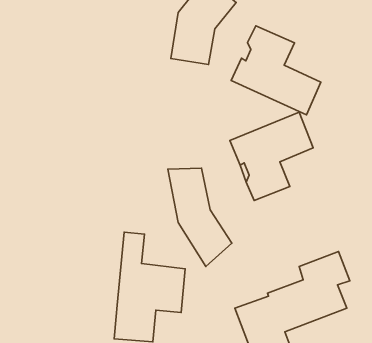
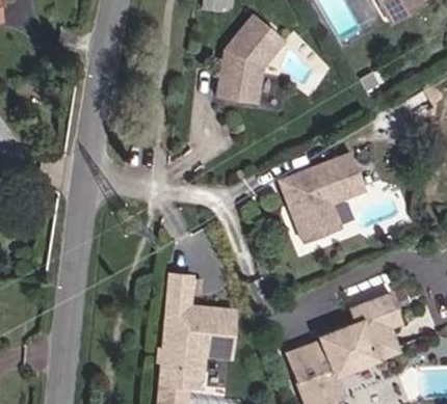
building: [231,26,321,115] -> none
building: [168,168,232,266] -> none

